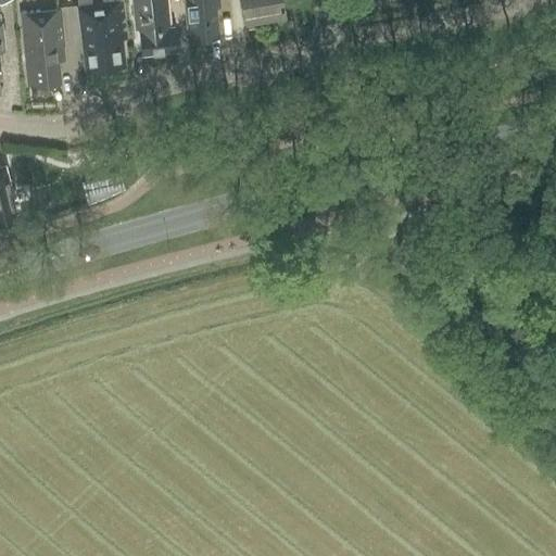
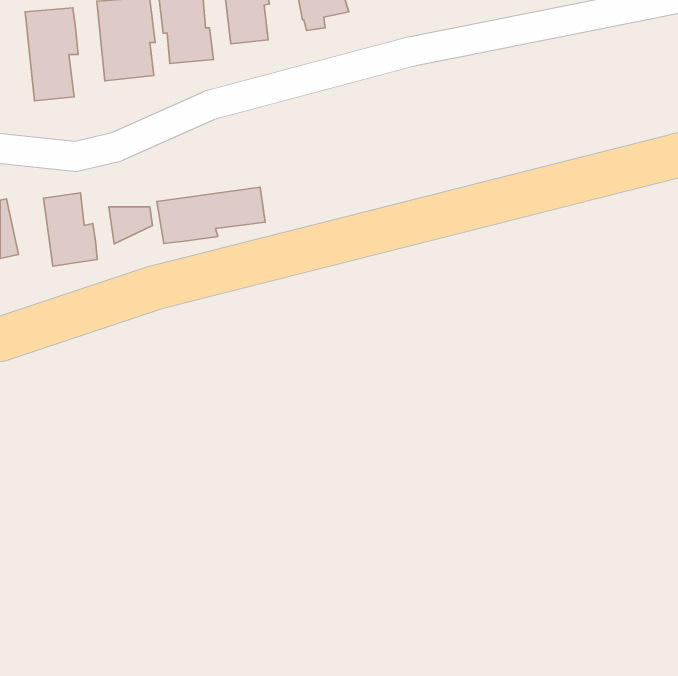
building: none -> [157,187,265,244]
building: none -> [44,193,97,266]

